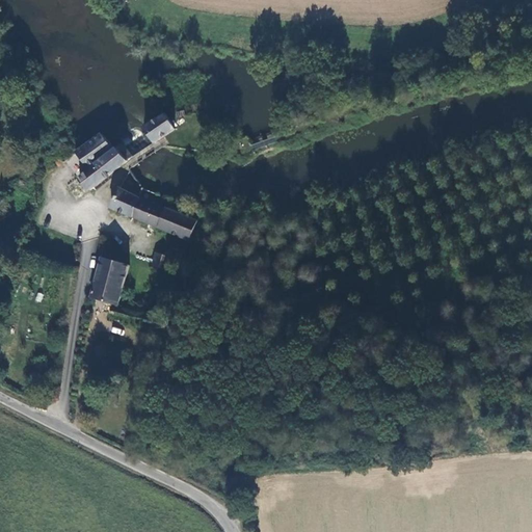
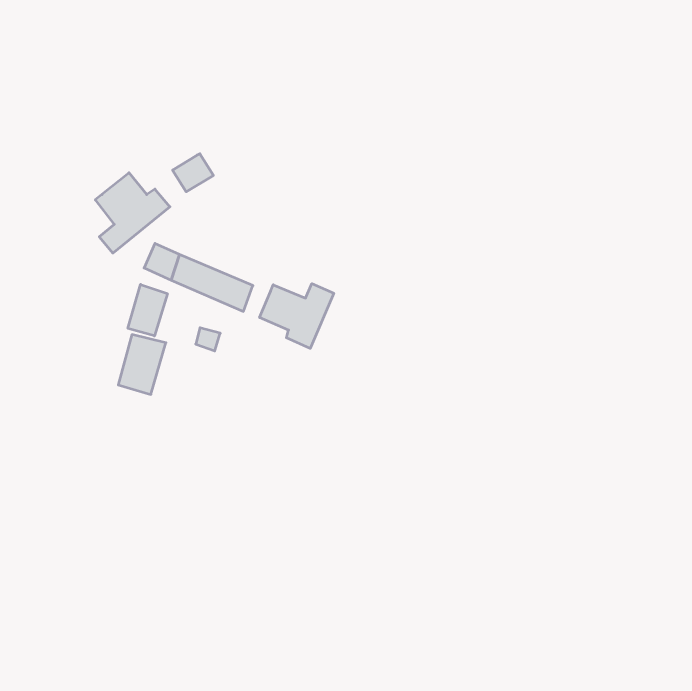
building: none -> [260,284,334,348]
building: none -> [128,284,167,336]

